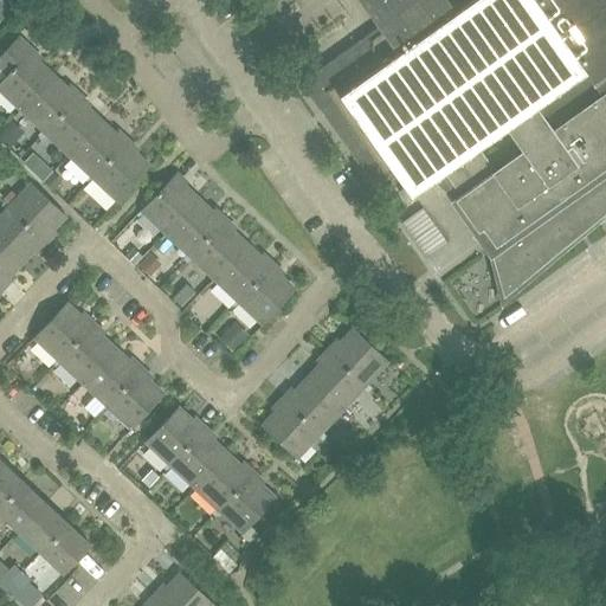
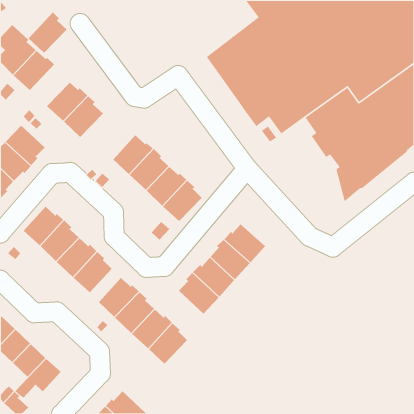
building: [44,94,102,155] -> [28,12,67,54]
building: [140,170,198,233] -> none

